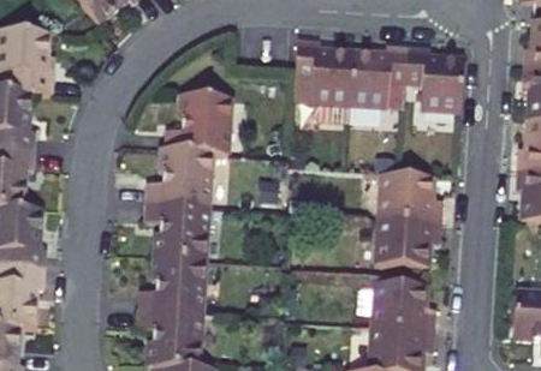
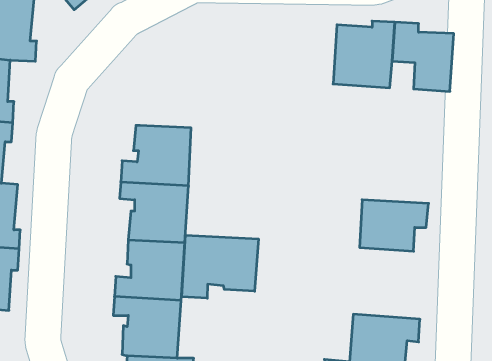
building: [293,38,353,121] -> none
building: [165,89,234,149] -> none
building: [377,170,442,220] -> none
building: none -> [182,235,258,298]
building: [369,281,434,330] -> none

